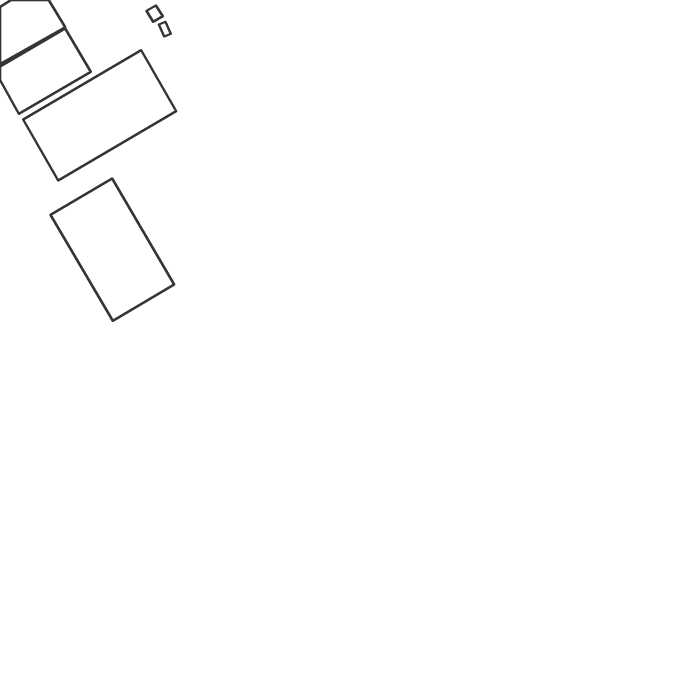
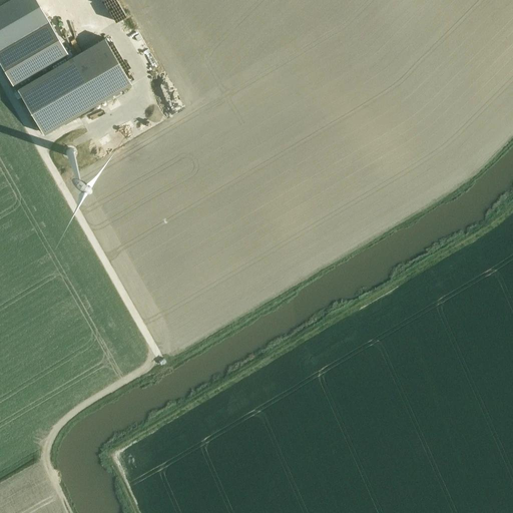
building: [51,178,174,321] -> none

